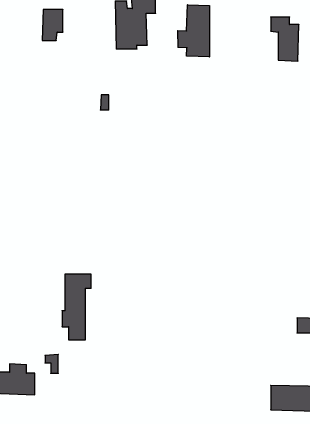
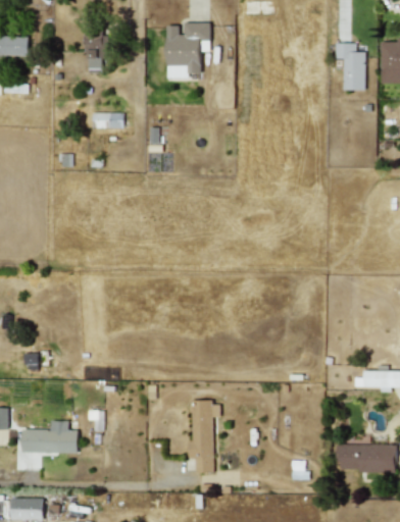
building: [178,5,209,57] -> none
building: none -> [91,113,122,128]
building: [62,274,91,340] -> [188,402,219,473]

